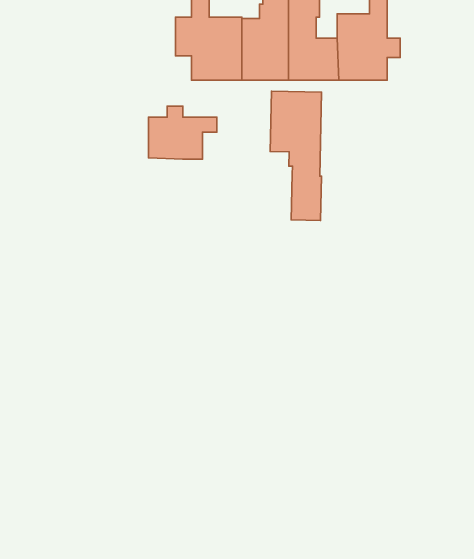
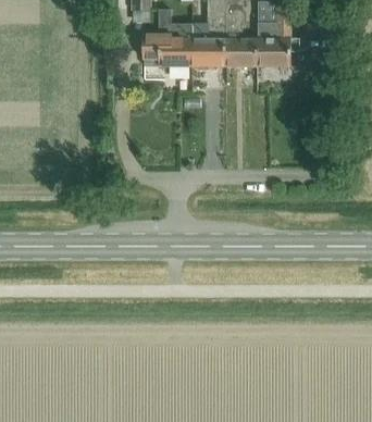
building: [270,91,321,220] -> none
building: [149,106,217,159] -> none

